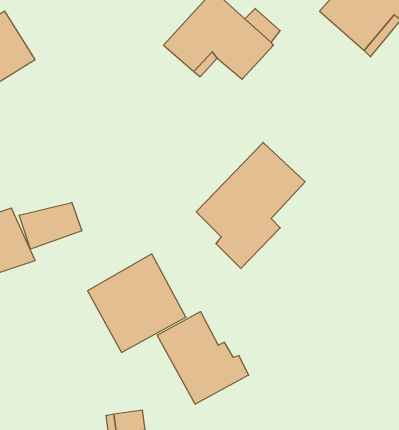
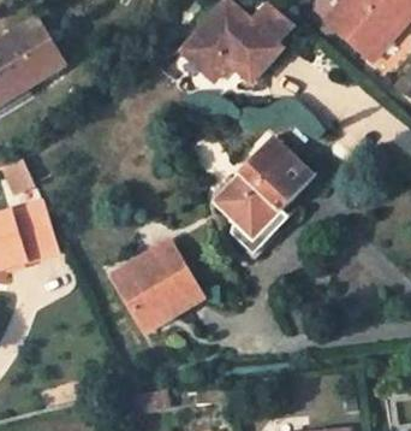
building: [19,202,82,249] -> none
building: [157,312,249,404] -> none

